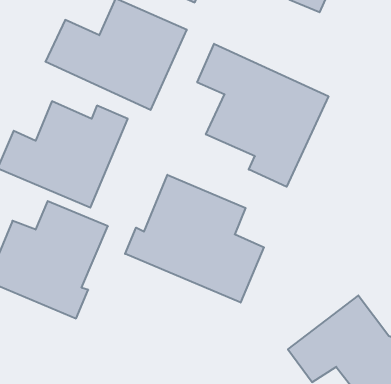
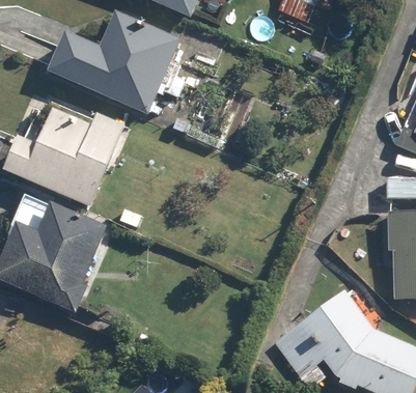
building: [197,44,328,187] -> none
building: [125,175,264,303] -> none

